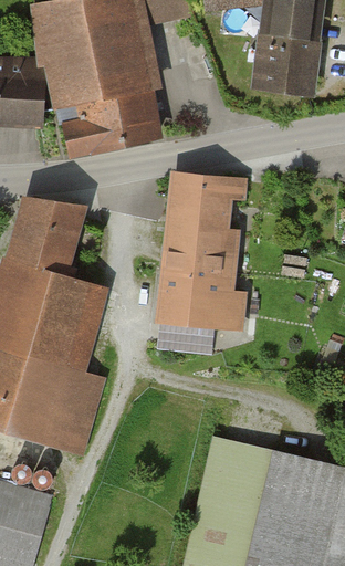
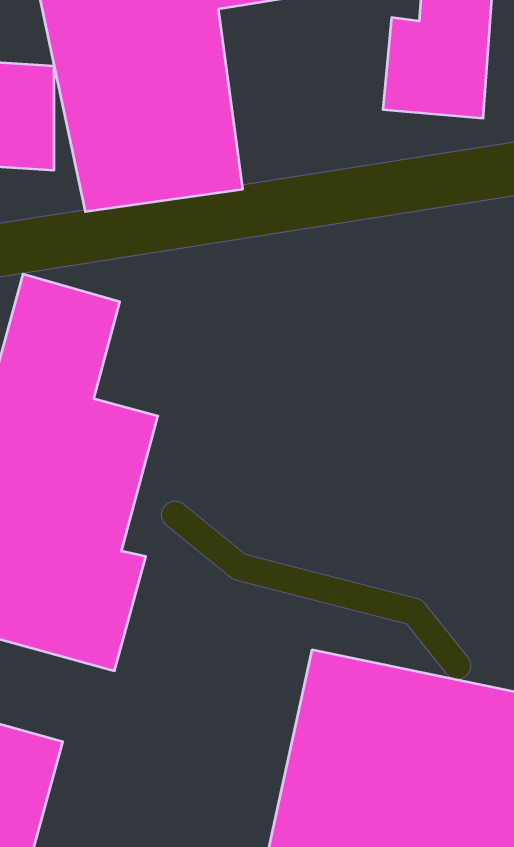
building: [157,174,242,333] -> none

